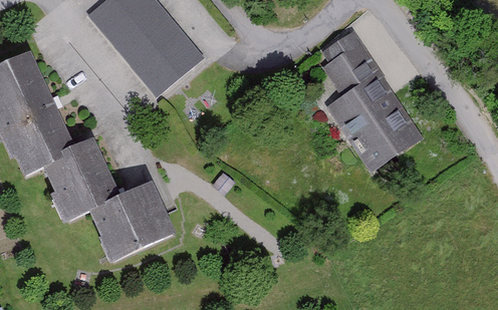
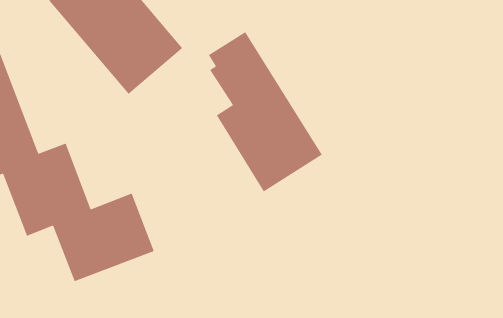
building: [318,31,420,174] -> [208,31,323,192]

